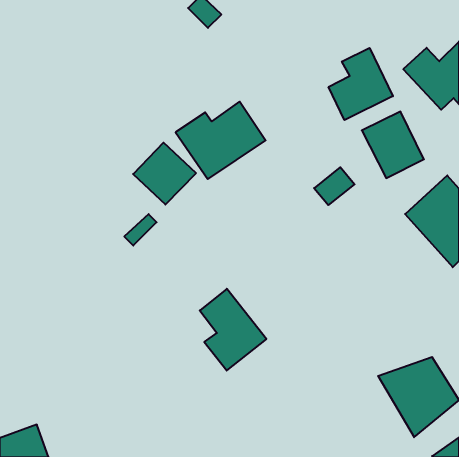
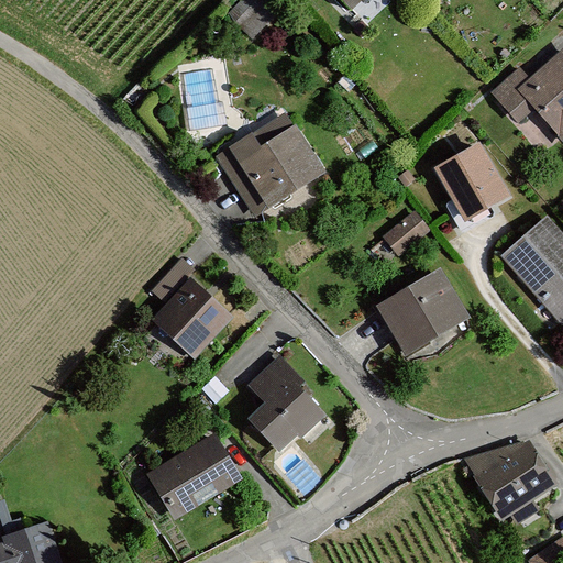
building: [329,48,393,120] -> none
building: [133,143,196,205] -> [154,279,231,355]
building: none -> [374,267,467,354]
building: none -> [148,435,243,520]

